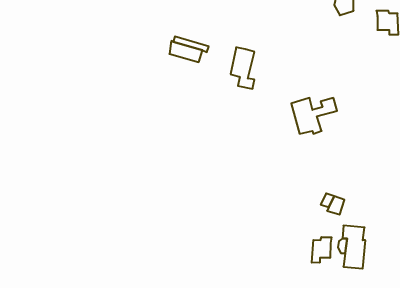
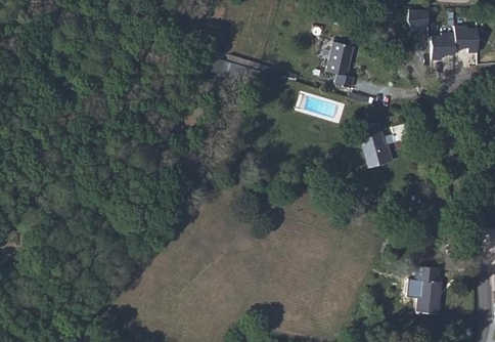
building: none -> [431,33,454,60]
building: [231,47,254,89] -> [326,42,353,88]
building: [312,237,332,263] -> none

